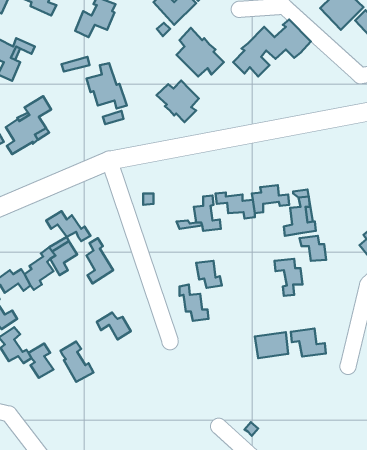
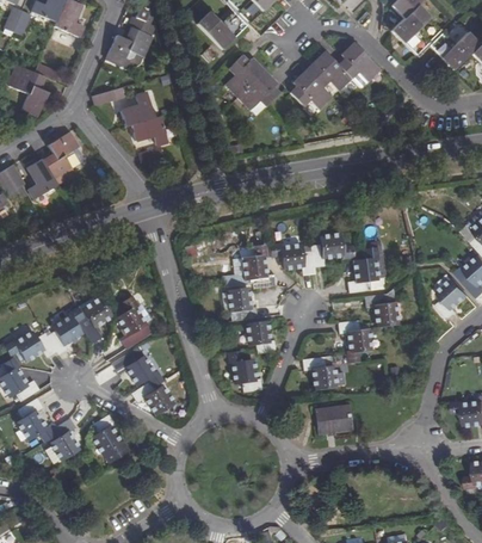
building: [157,81,199,122] -> none
building: [46,211,91,241] -> [112,351,163,385]
building: none -> [227,286,258,319]
building: [291,329,326,357] -> [302,354,342,387]

